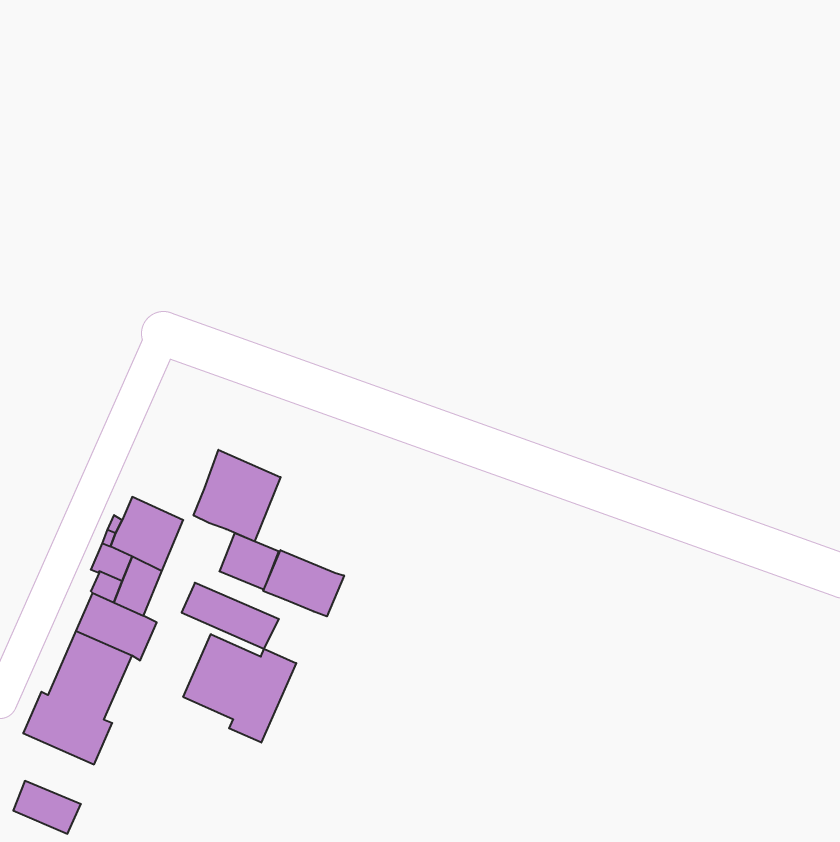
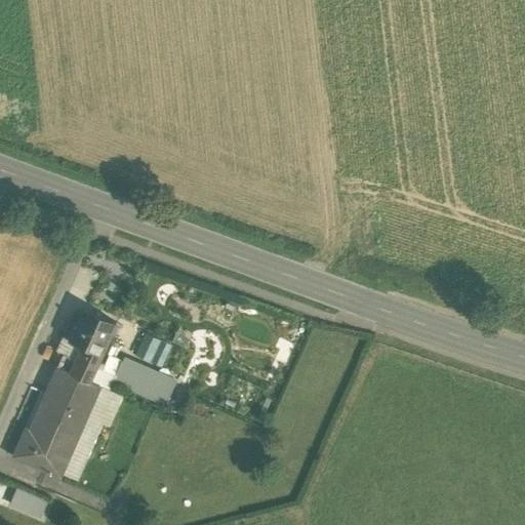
building: [194,450,281,541] -> none
building: [263,550,344,616] -> none
building: [183,634,296,743] -> none

